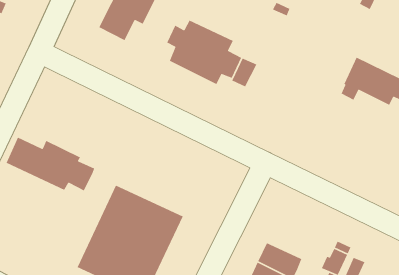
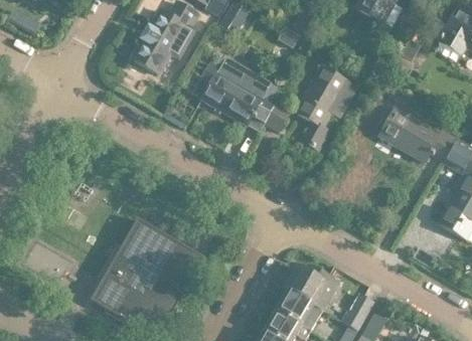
building: none -> [294,64,356,151]
building: [5,136,95,192] -> none
building: none -> [284,266,341,309]

